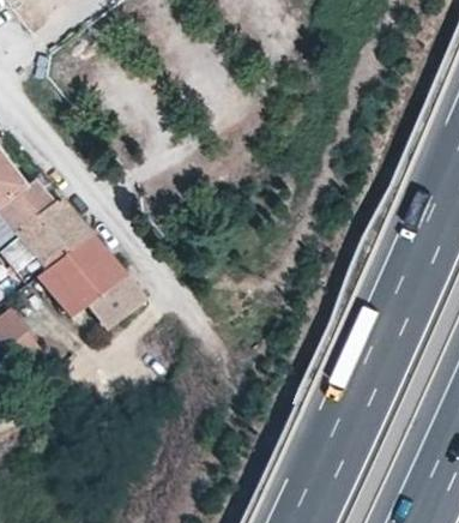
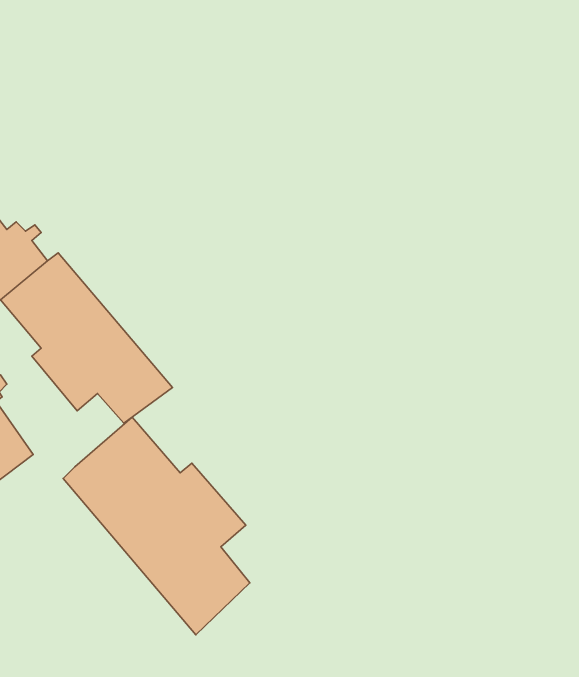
building: none -> [63,417,250,635]

